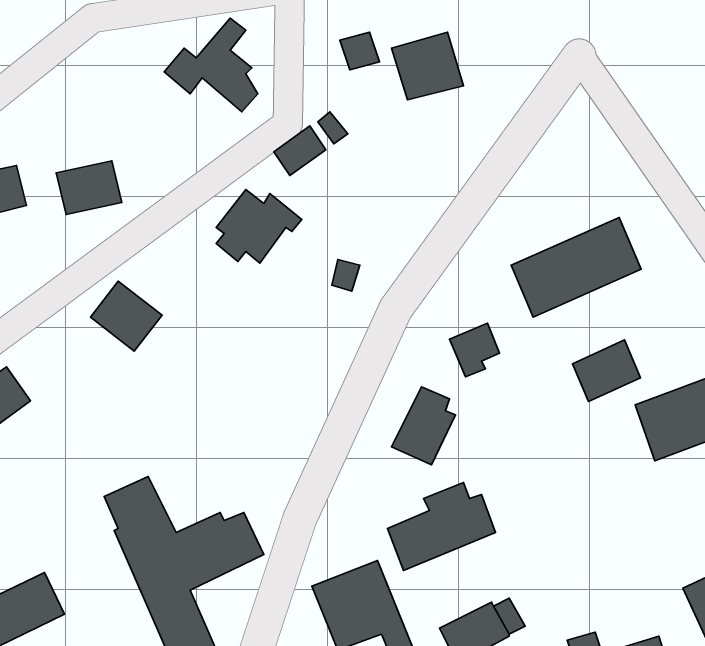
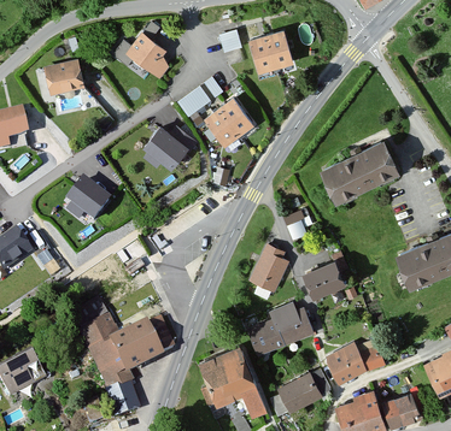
building: none -> [203,95,254,144]
building: [56,161,122,215] -> [43,60,83,93]
building: [573,340,640,402] -> [303,259,344,296]
building: none -> [326,338,383,382]

